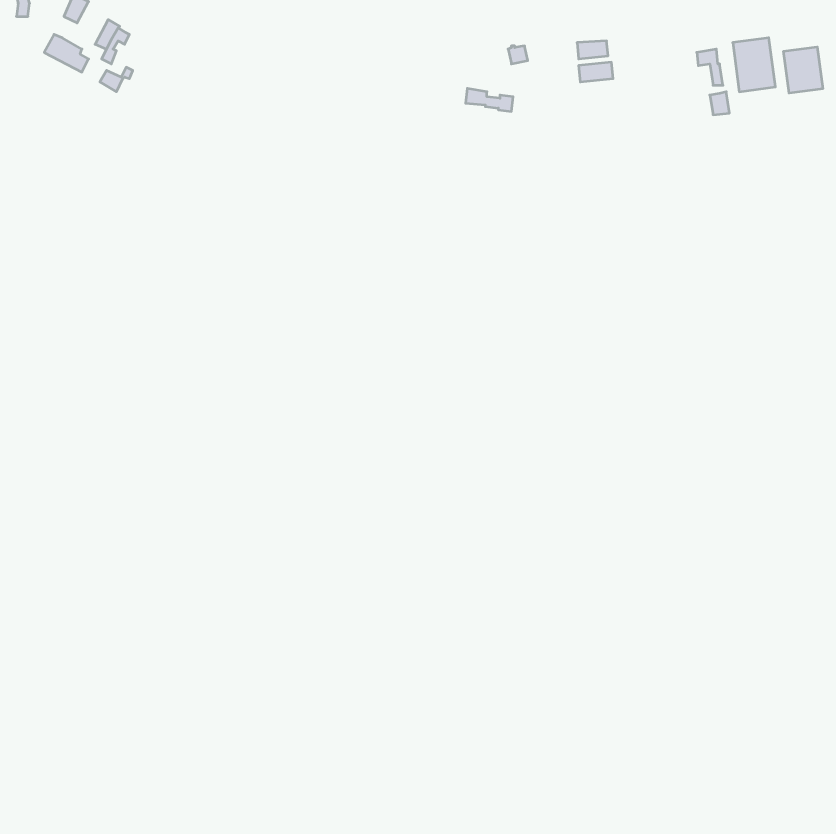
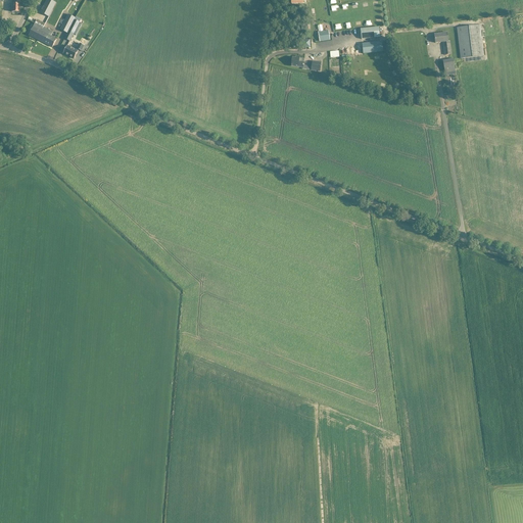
building: [784,47,823,93] -> none

